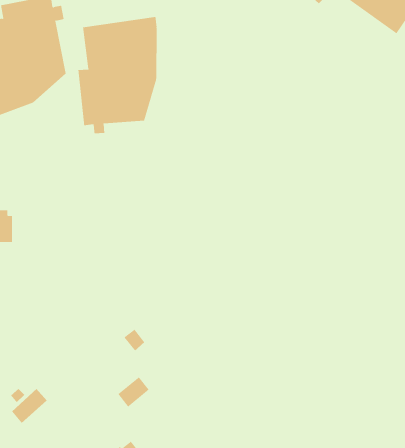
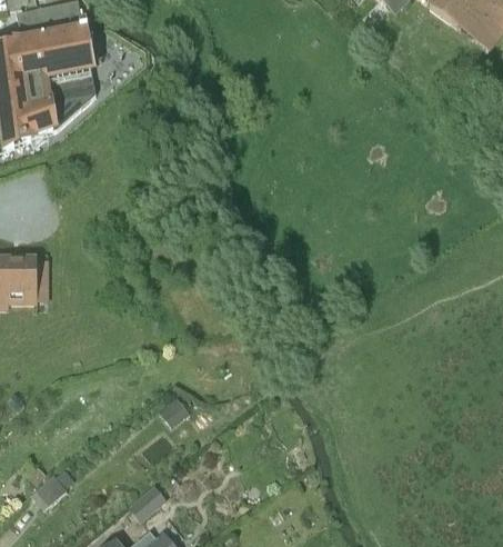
building: [78,16,157,134] -> none
building: [117,376,149,407] -> [131,486,169,523]

